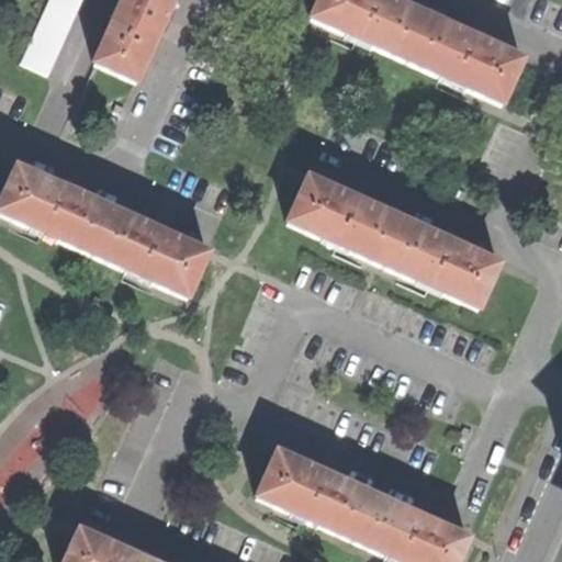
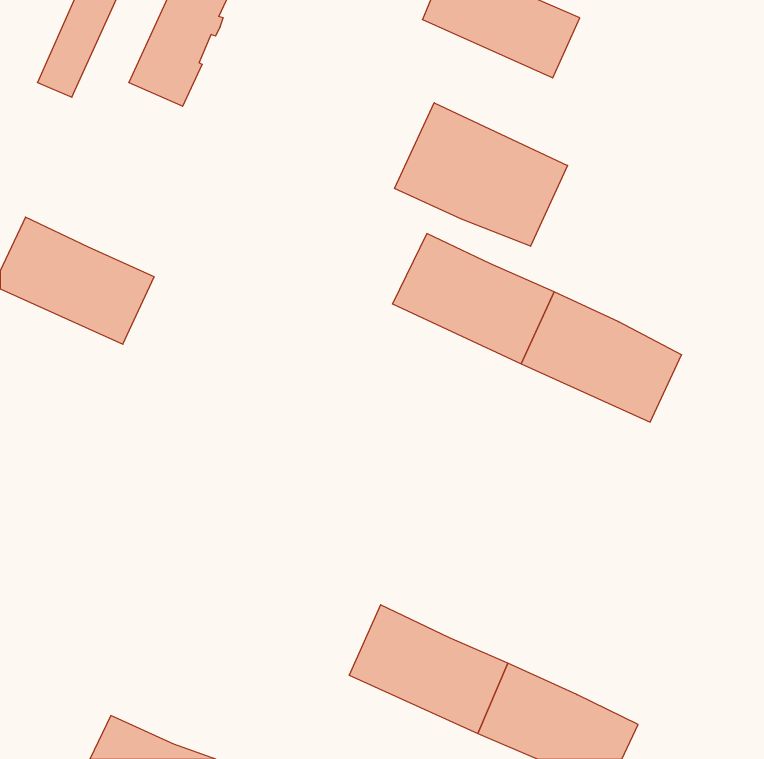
building: [406,13,521,100] -> none
building: none -> [394,103,568,246]
building: [91,203,211,295] -> none

